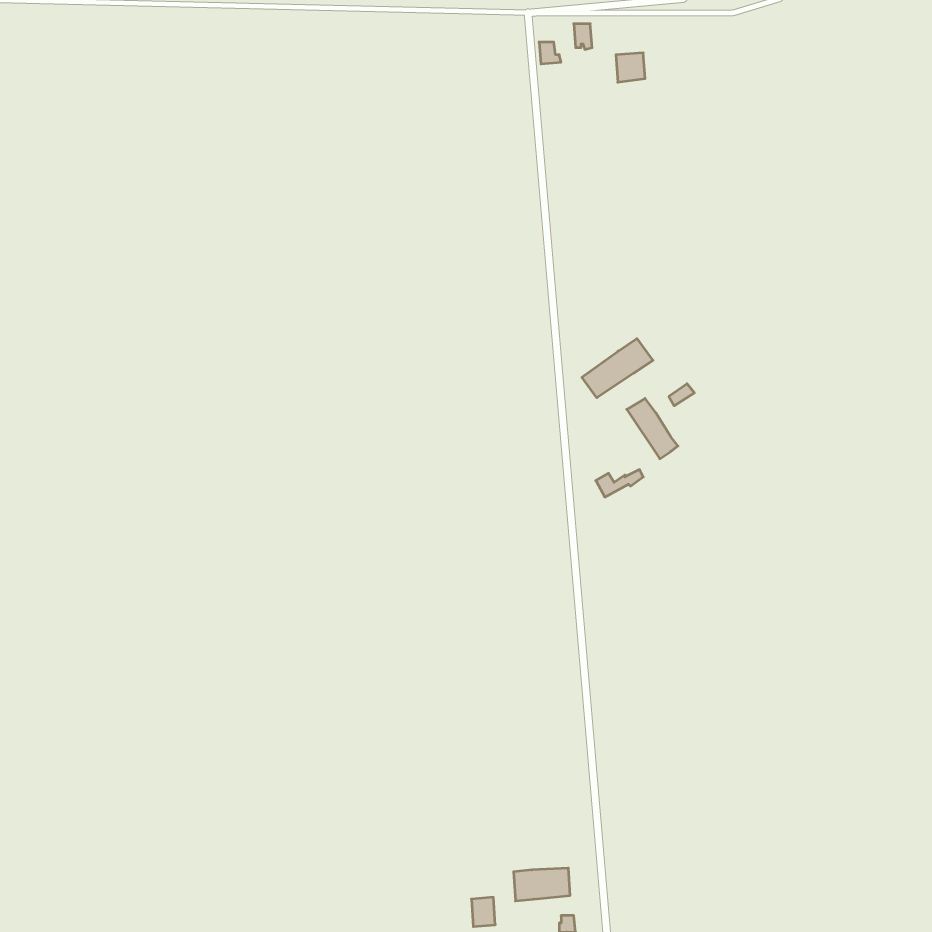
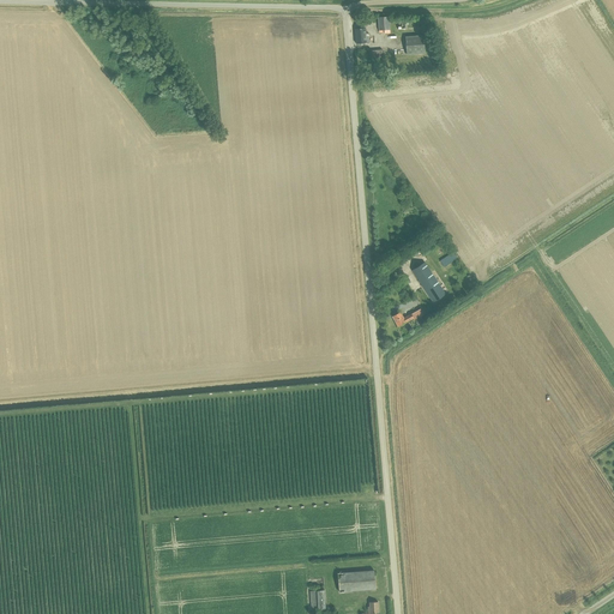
building: [582,339,653,398] -> none

